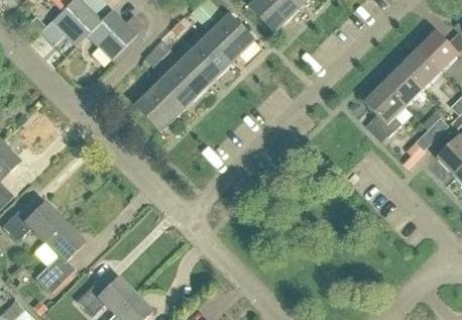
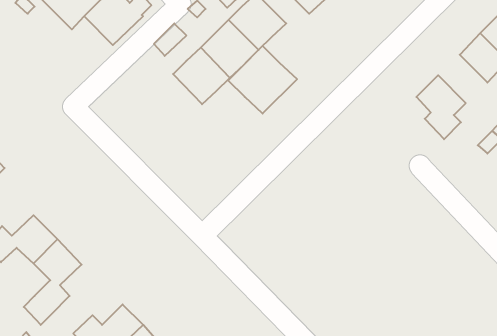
building: none -> [228,46,297,114]
building: [382,66,424,106] -> none
building: [136,82,185,130] -> none

